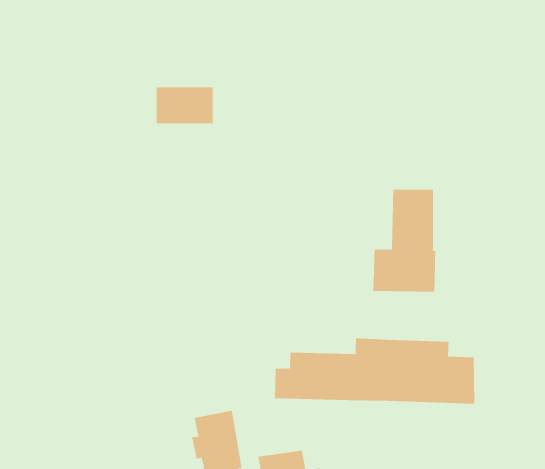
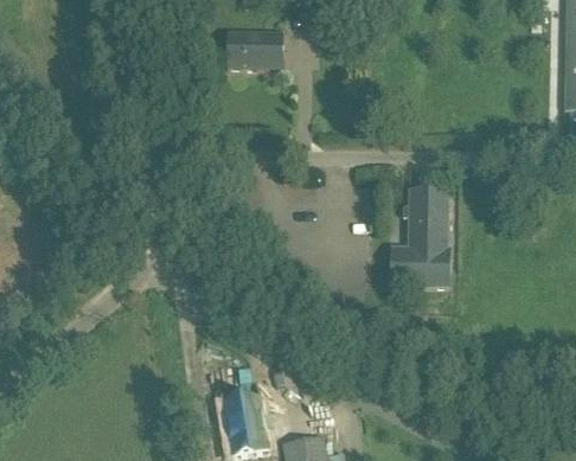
building: [156,87,213,124] -> [228,31,282,66]
building: [274,337,475,405] -> none

